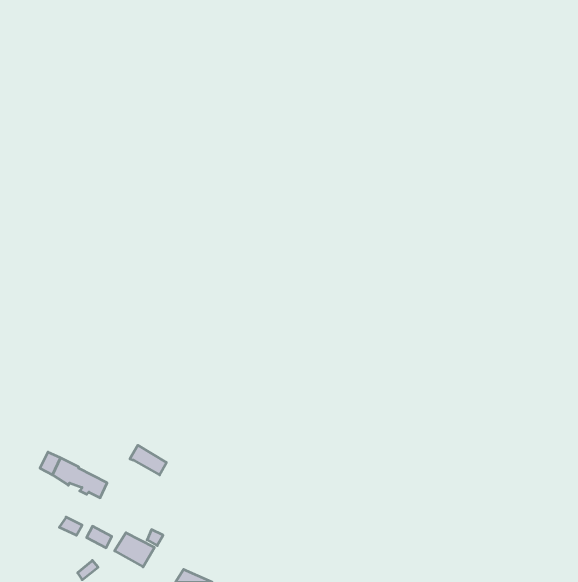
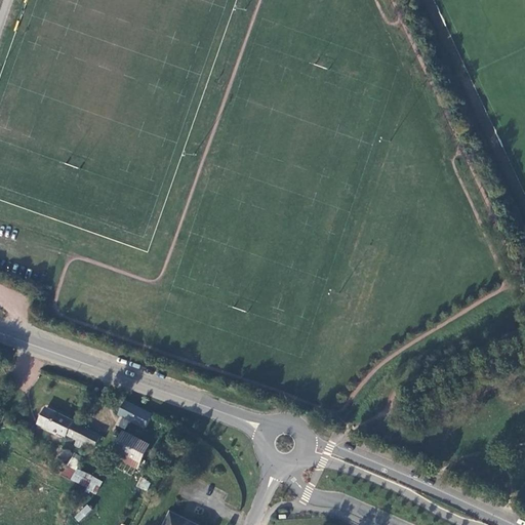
building: [115,533,154,567] -> [113,433,149,463]

